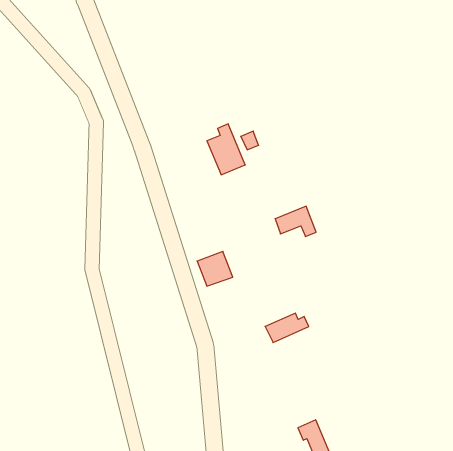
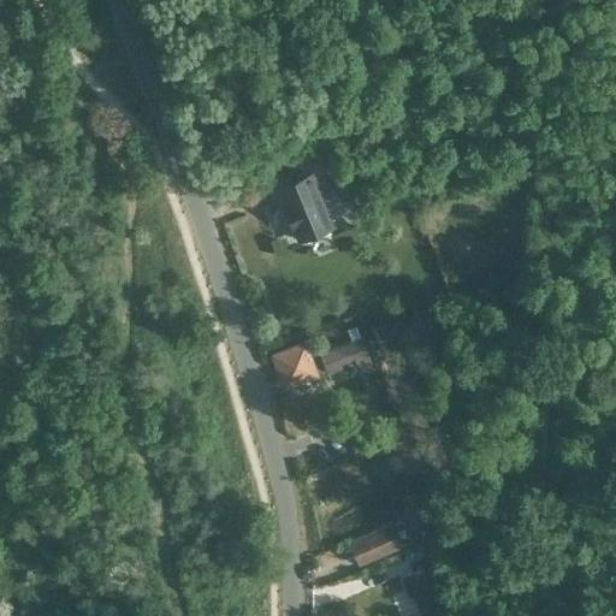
building: [275,206,316,237] -> [319,340,374,381]
building: [265,313,309,343] -> [350,528,409,568]

